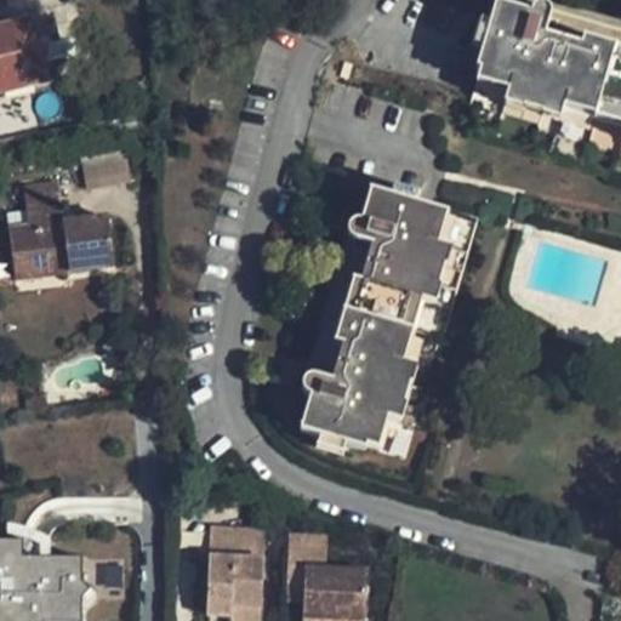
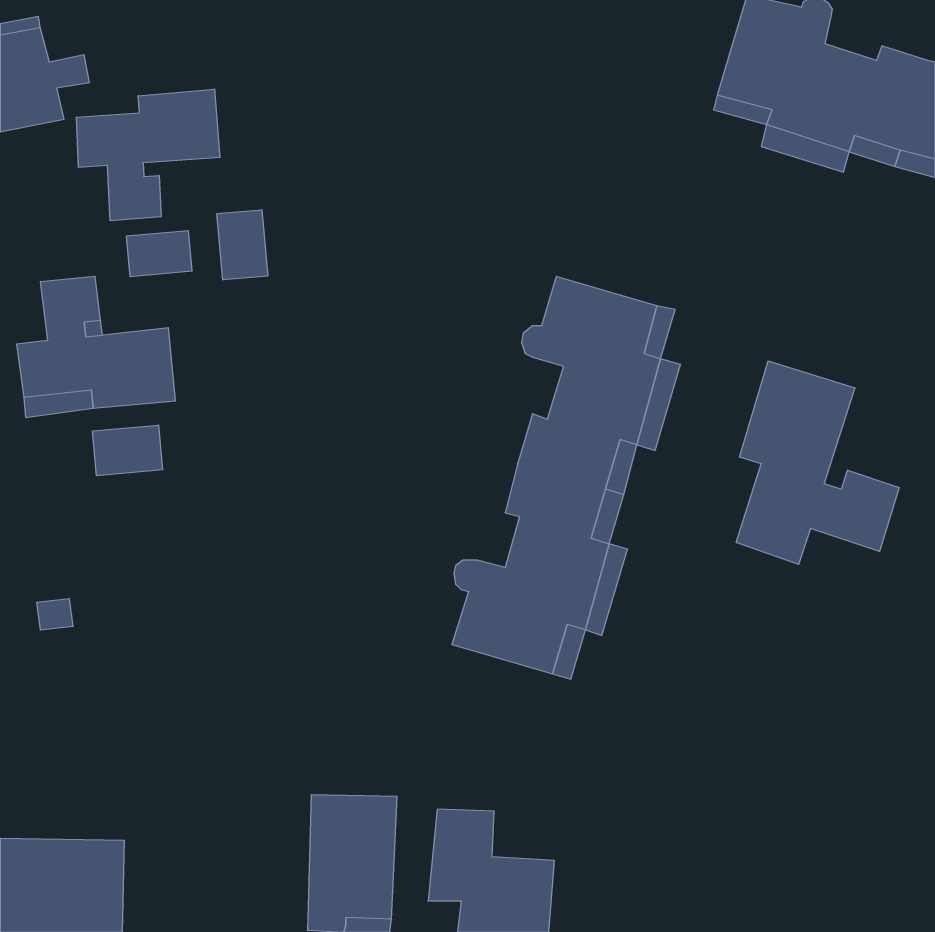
building: none -> [76,89,220,221]
building: none -> [217,210,268,280]
building: none -> [736,361,899,564]
building: none -> [93,425,162,476]

